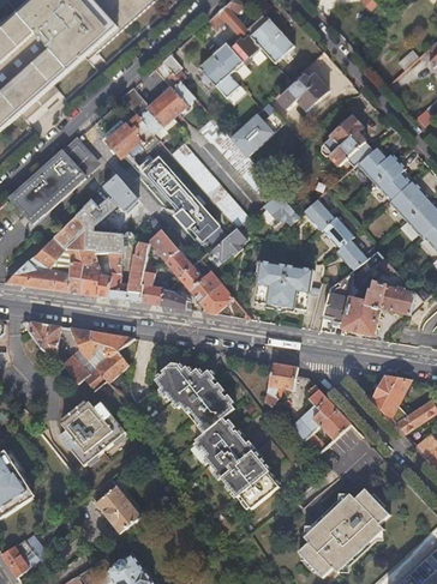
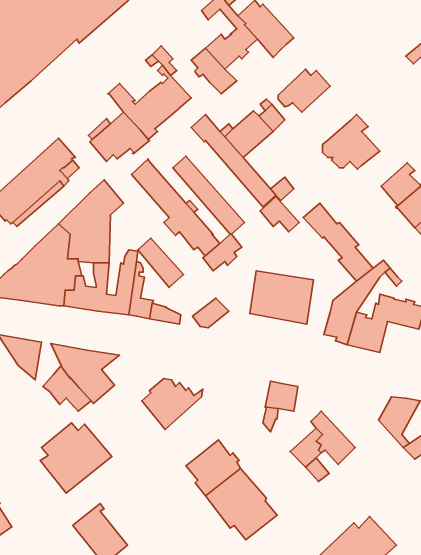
building: [357,145,399,182] -> none
building: [179,264,222,302] -> none
building: [175,368,235,432] -> none

